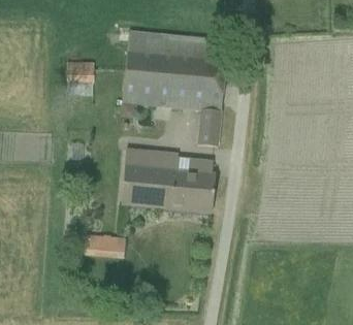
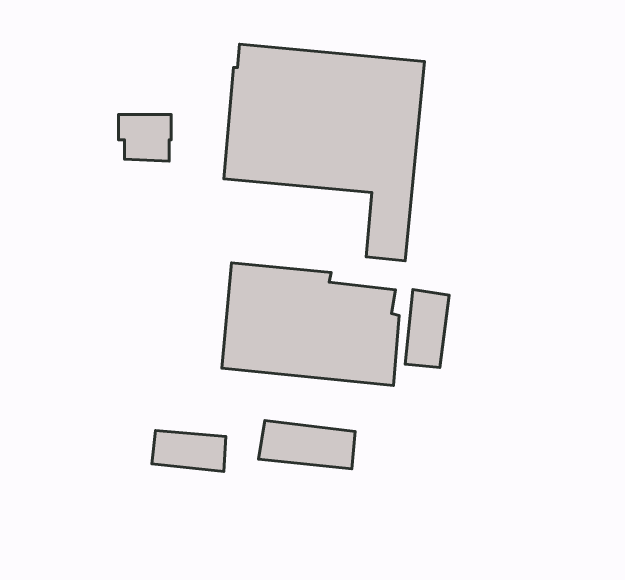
building: none -> [405,290,449,367]
building: none -> [259,420,355,469]

